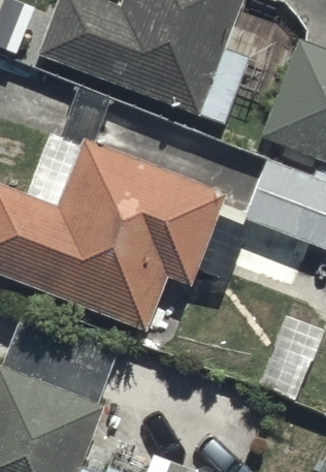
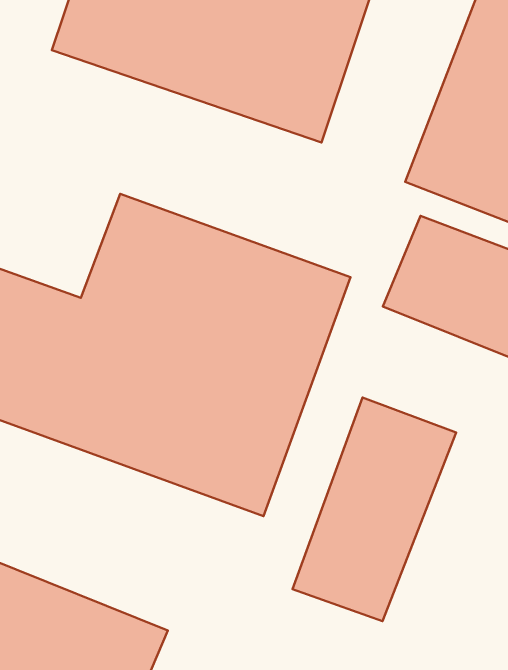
building: none -> [293,398,456,621]

